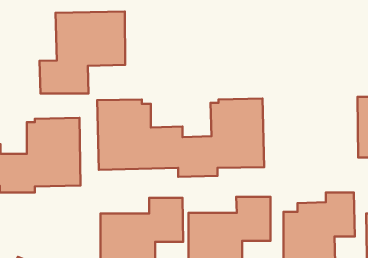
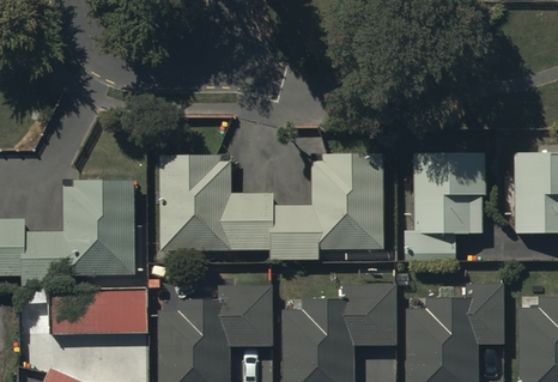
building: [40,11,125,94] -> none
building: none -> [404,152,485,262]
building: none -> [49,290,147,336]

